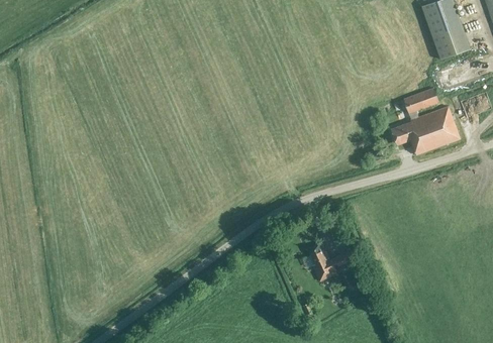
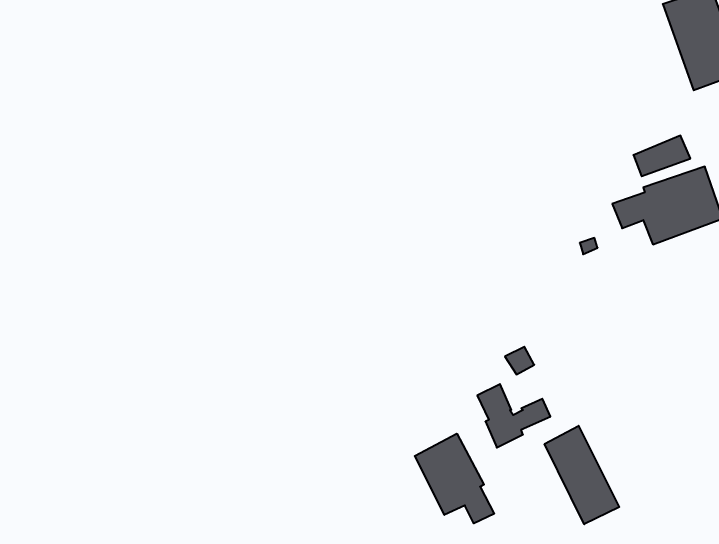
building: none -> [545,426,619,524]
building: none -> [415,434,494,523]

